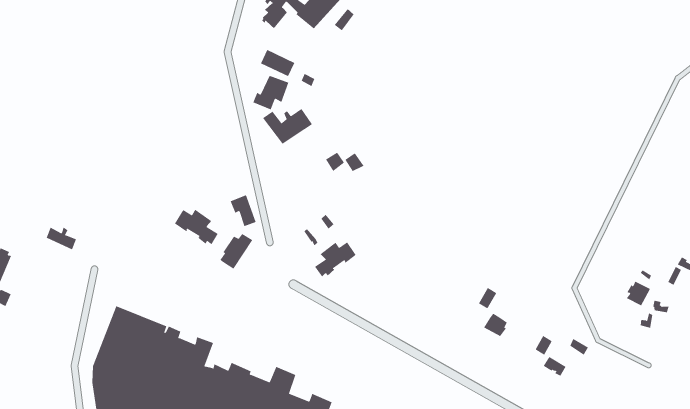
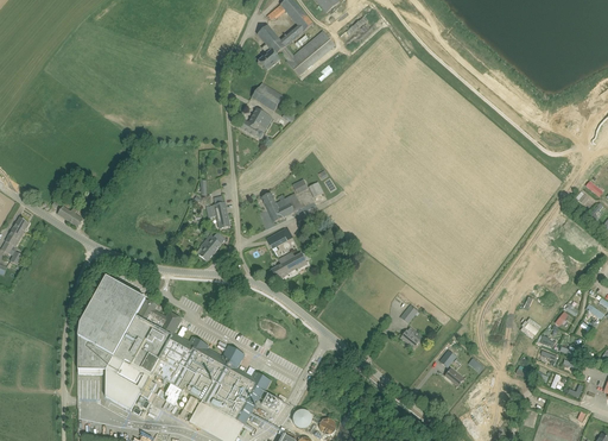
building: [262,108,313,145] -> [260,193,300,221]
building: [174,209,219,245] -> none

